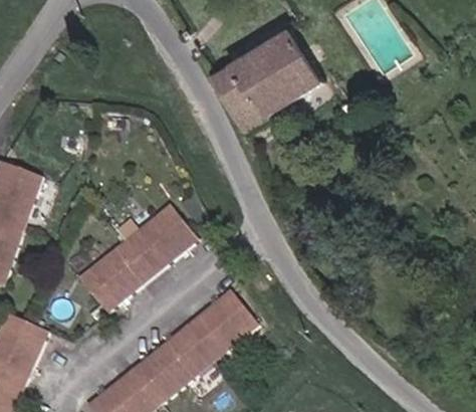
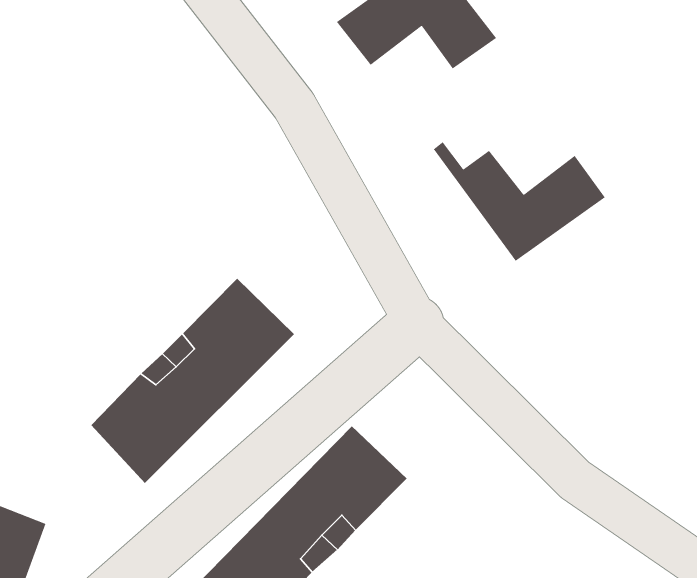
building: [205,60,298,131] -> [433,141,606,262]

